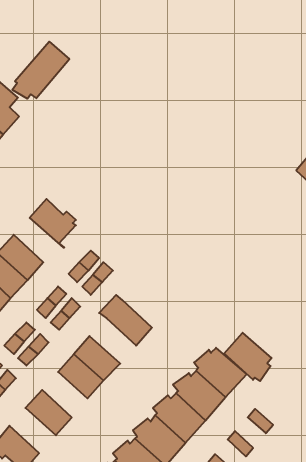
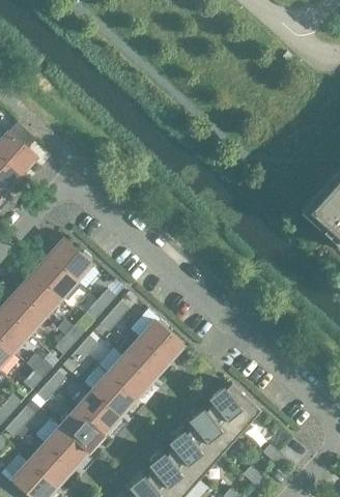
building: [12,42,69,99] -> none
building: none -> [31,257,80,301]
building: none -> [138,319,183,364]
building: none -> [106,355,151,400]
building: [224,333,272,381] -> none
building: none -> [59,408,104,452]
building: none -> [27,443,73,488]

